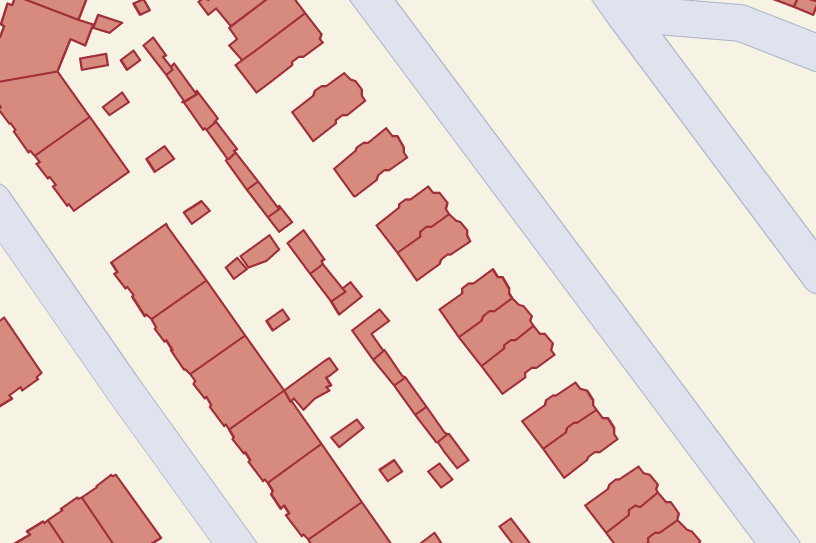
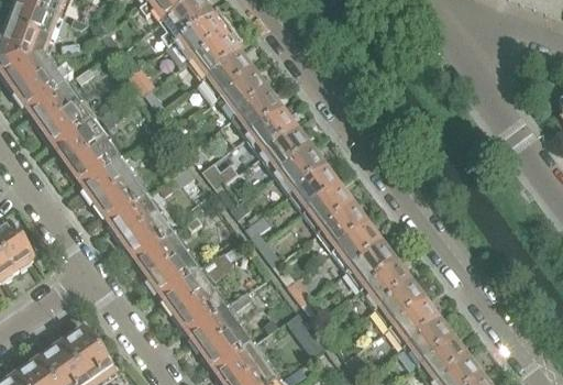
building: none -> [190,33,241,80]
building: none -> [220,73,269,119]
building: none -> [249,111,298,157]
building: none -> [57,121,120,183]
building: none -> [290,168,342,214]
building: none -> [349,245,398,290]
building: none -> [390,302,441,348]

